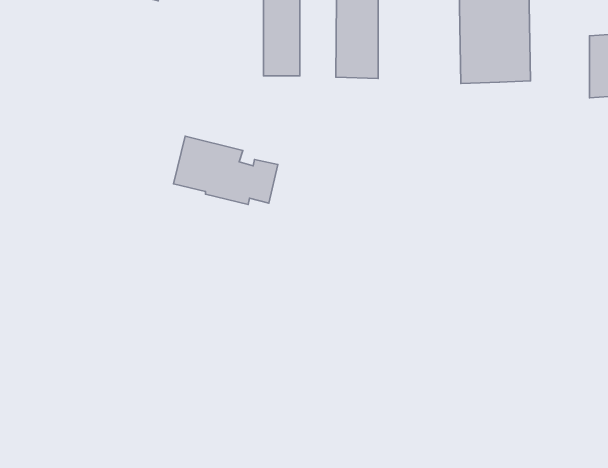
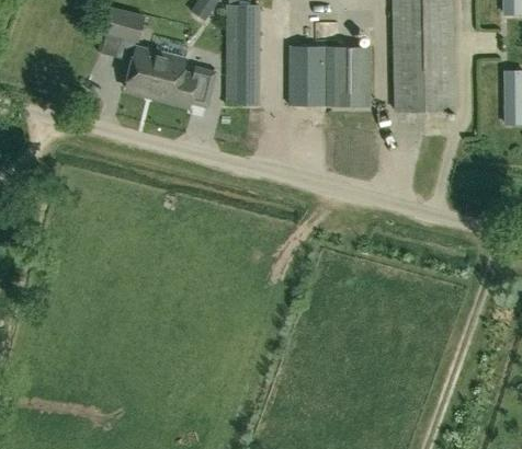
building: none -> [325,47,371,106]
building: [173,136,278,205] -> [126,47,215,105]

